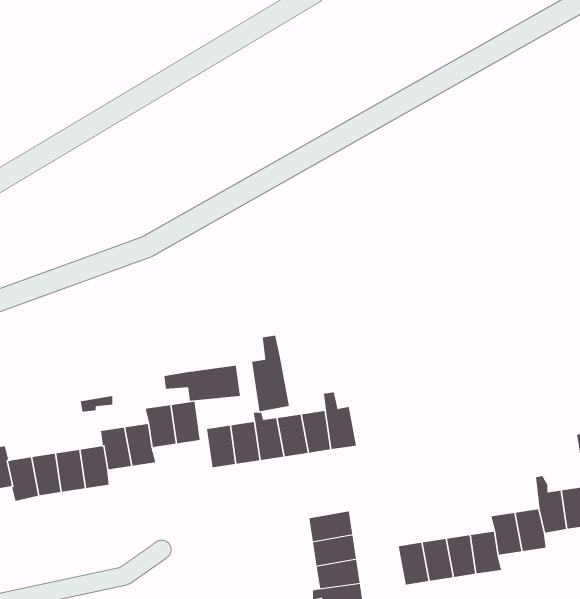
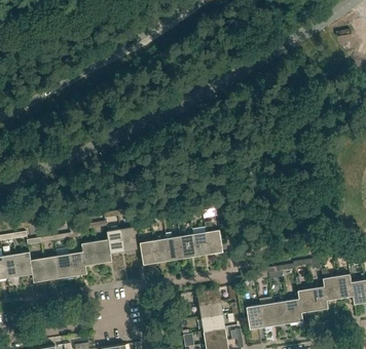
building: [252,335,290,412] -> none
building: [164,365,241,402] -> none

